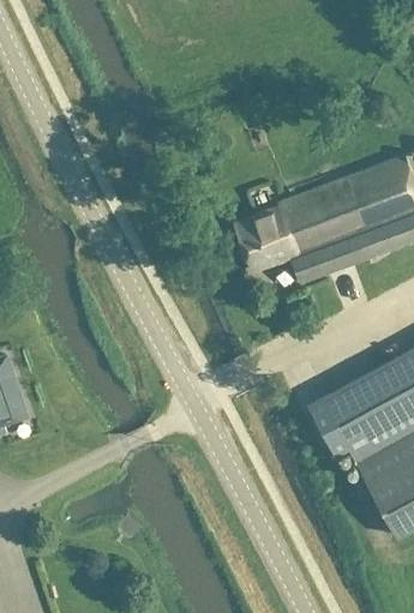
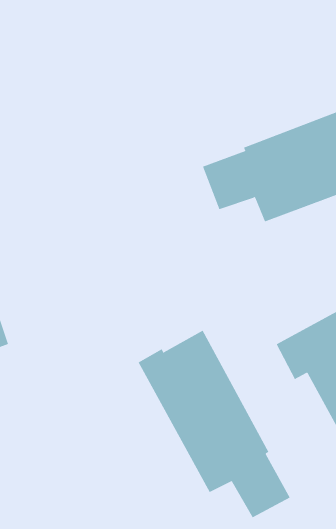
building: none -> [138,330,291,518]

